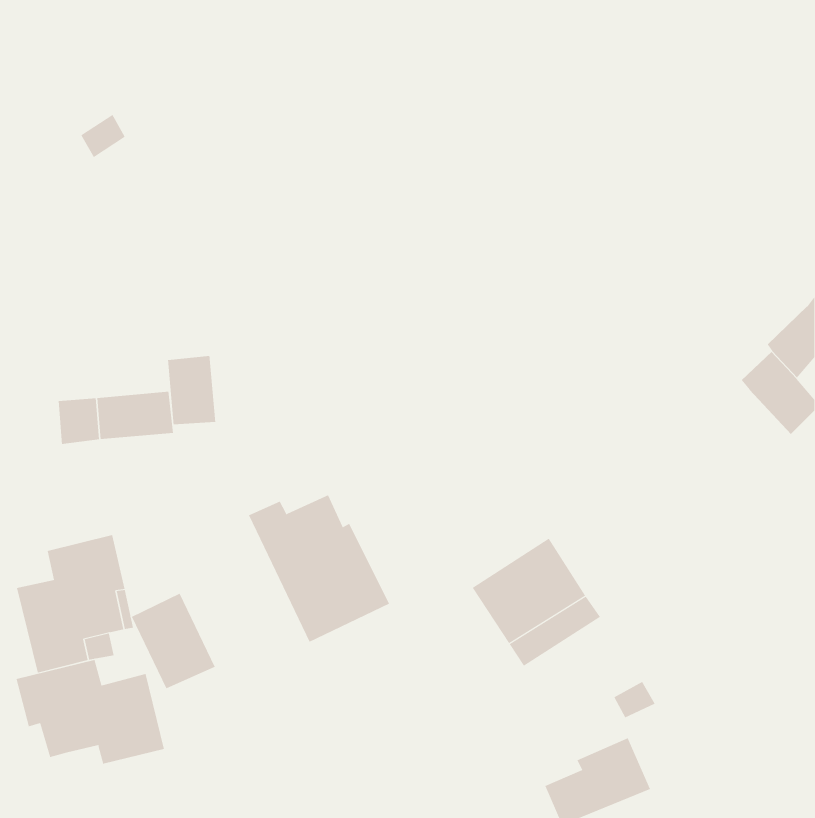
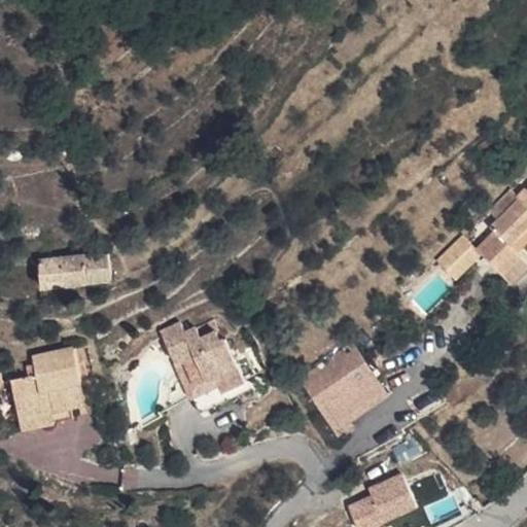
building: [167,355,216,425] -> none
building: none -> [436,235,479,277]
building: [131,593,215,689] -> none
building: [16,659,165,764] -> none

